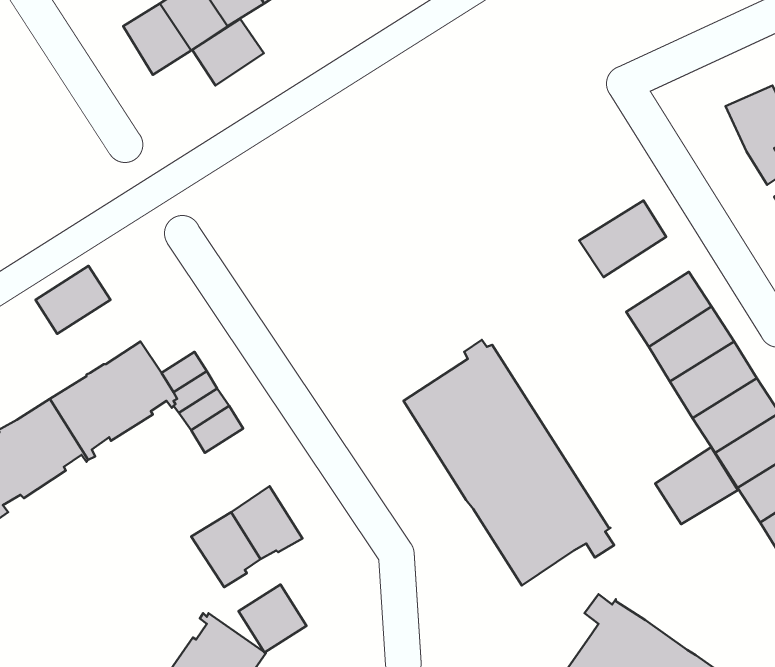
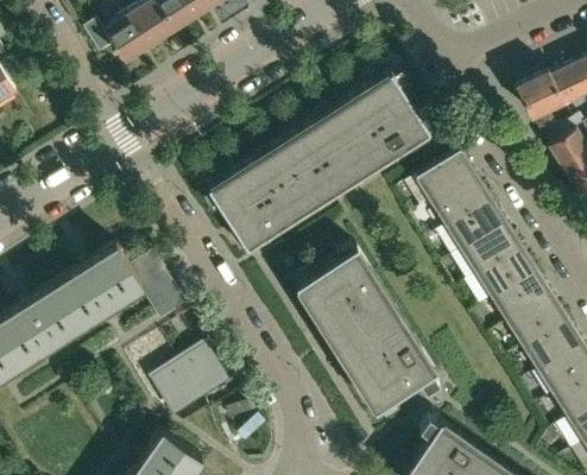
building: [192,19,264,86] -> none
building: none -> [207,71,436,248]
building: none -> [431,175,490,226]
building: [35,266,110,334] -> none
building: [655,447,738,524] -> none
building: [238,585,306,652] -> none

